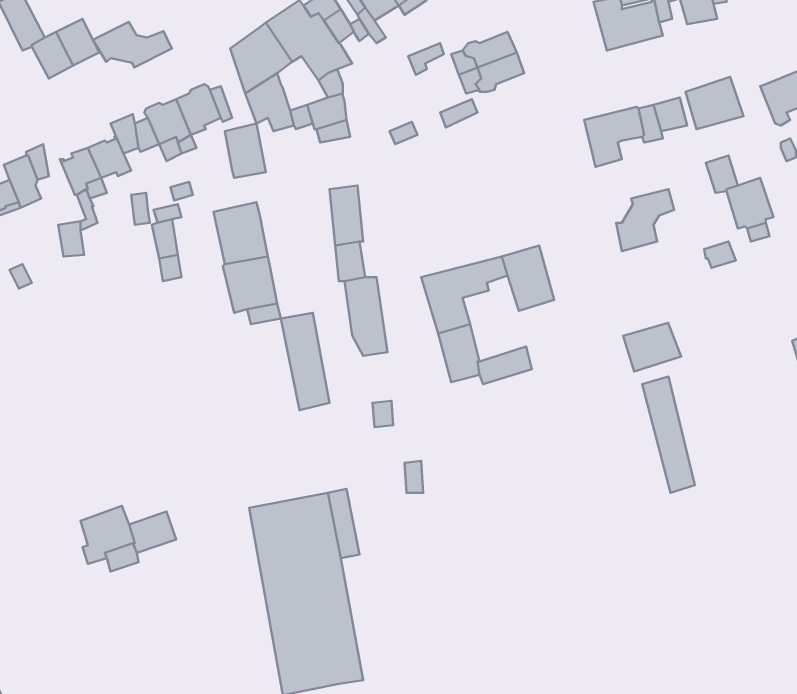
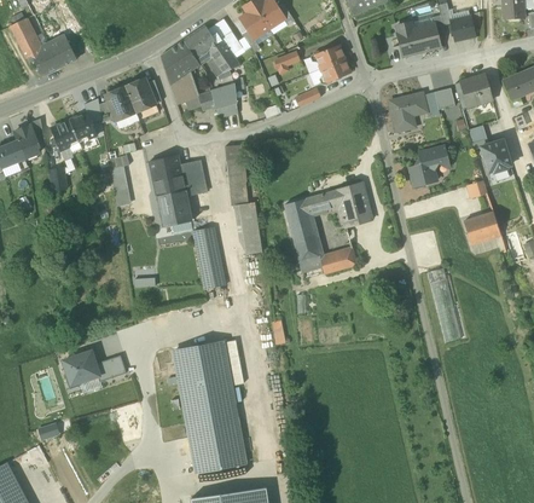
building: [93,22,172,68] -> none
building: [225,124,266,178] -> [180,160,207,195]
building: [623,323,681,372] -> [464,212,501,243]

